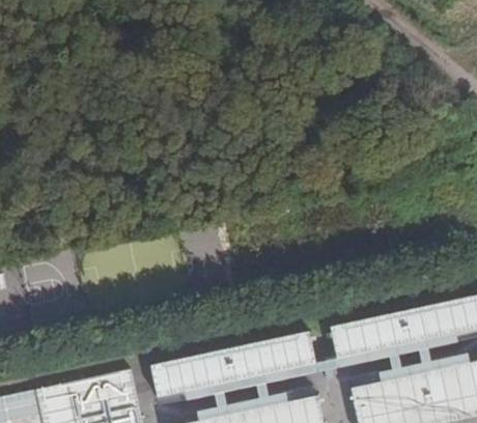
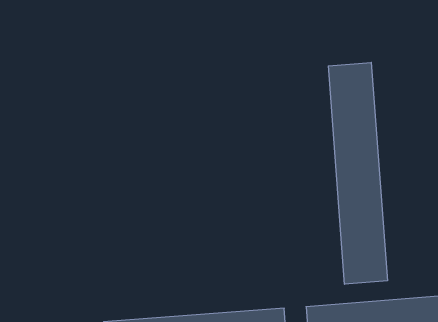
building: none -> [328,62,387,284]

